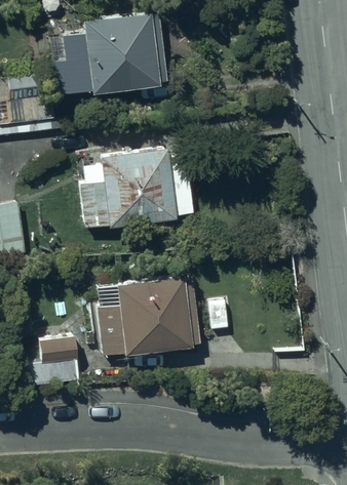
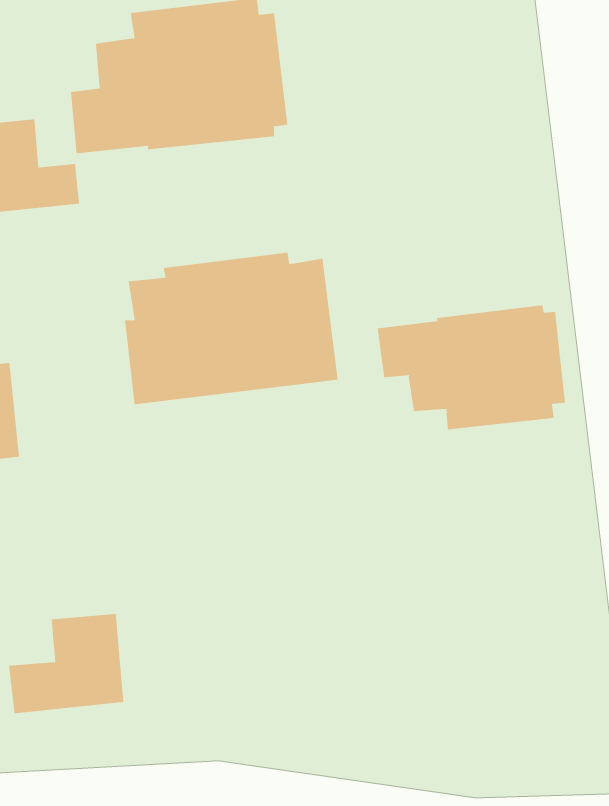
building: none -> [377,304,565,430]
building: [98,274,200,357] -> none

